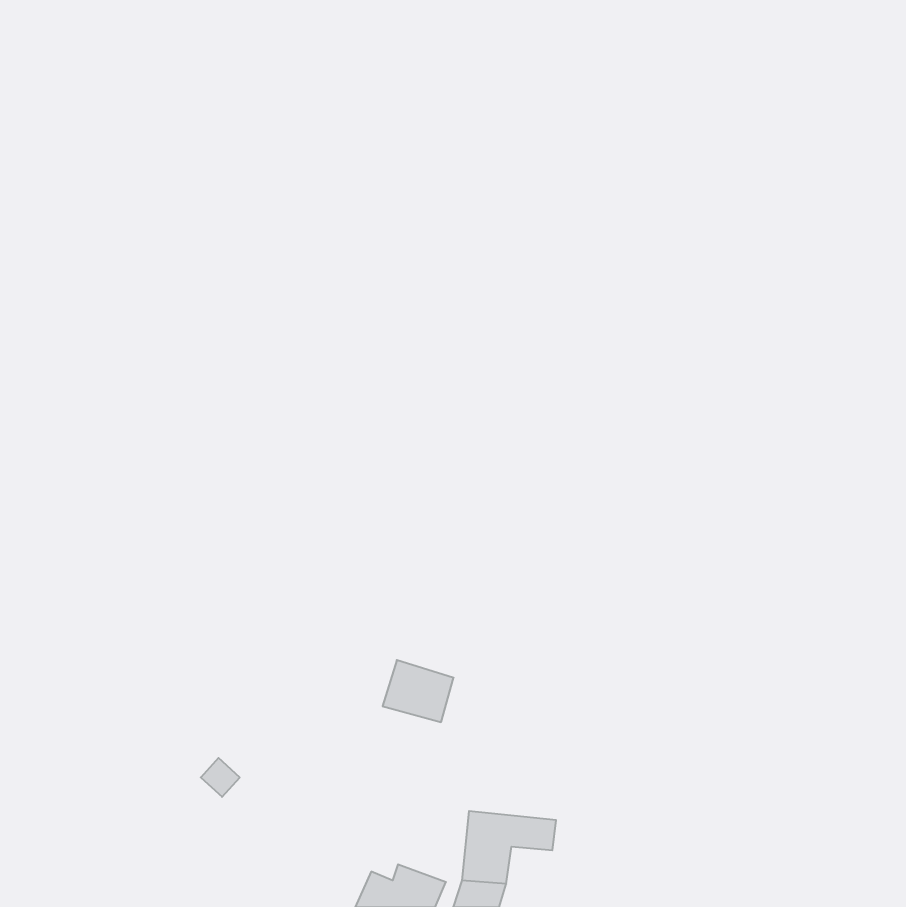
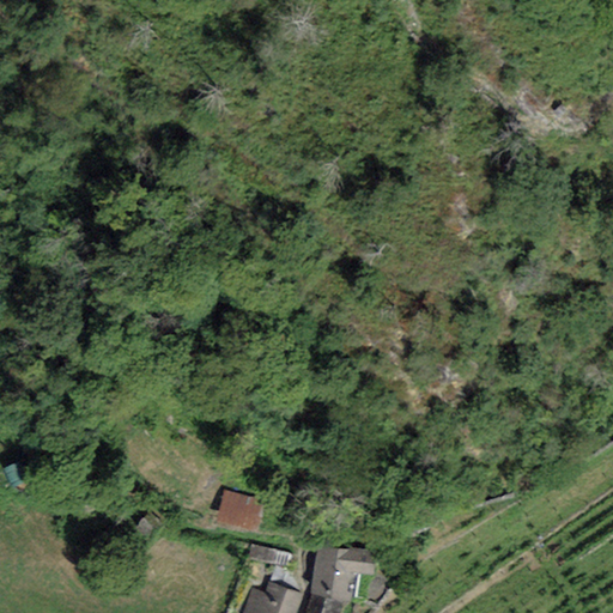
building: [383,660,454,722] -> [217,488,265,530]

